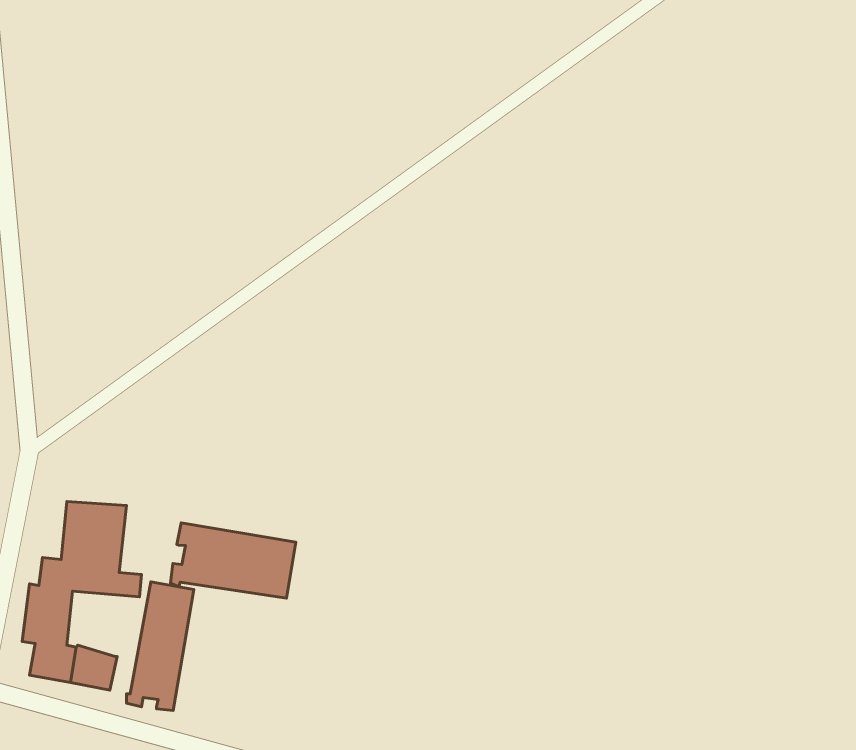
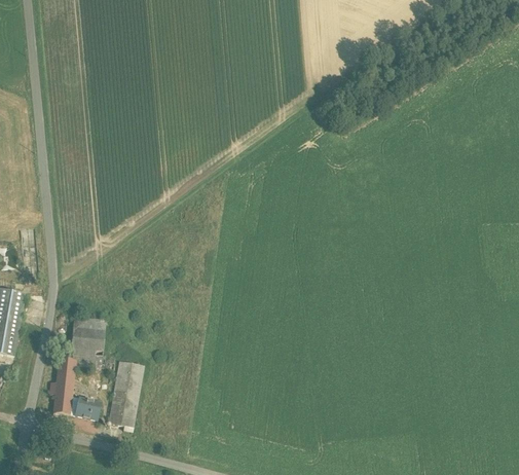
building: [171,523,296,598] -> none

